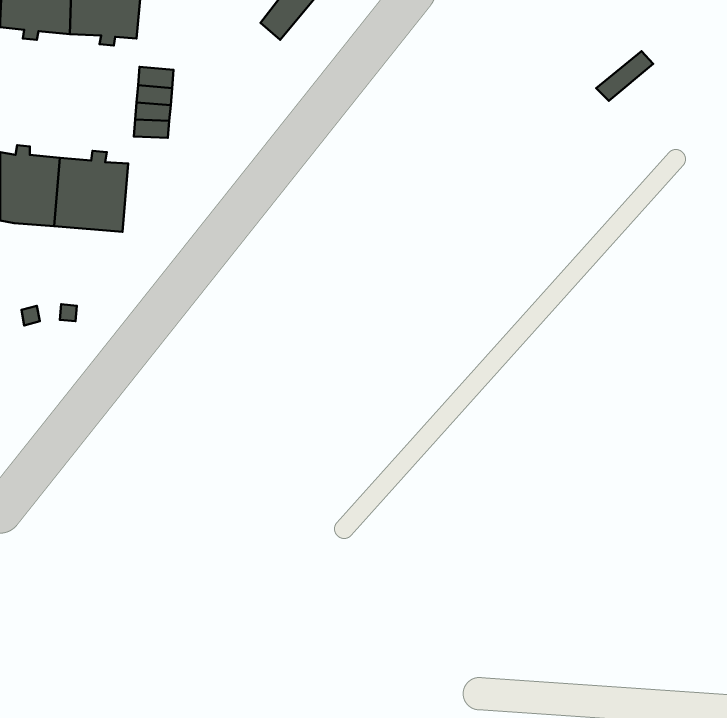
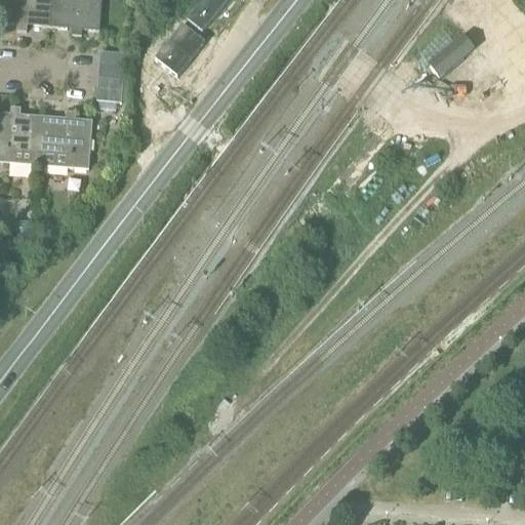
building: none -> [155,22,205,75]

